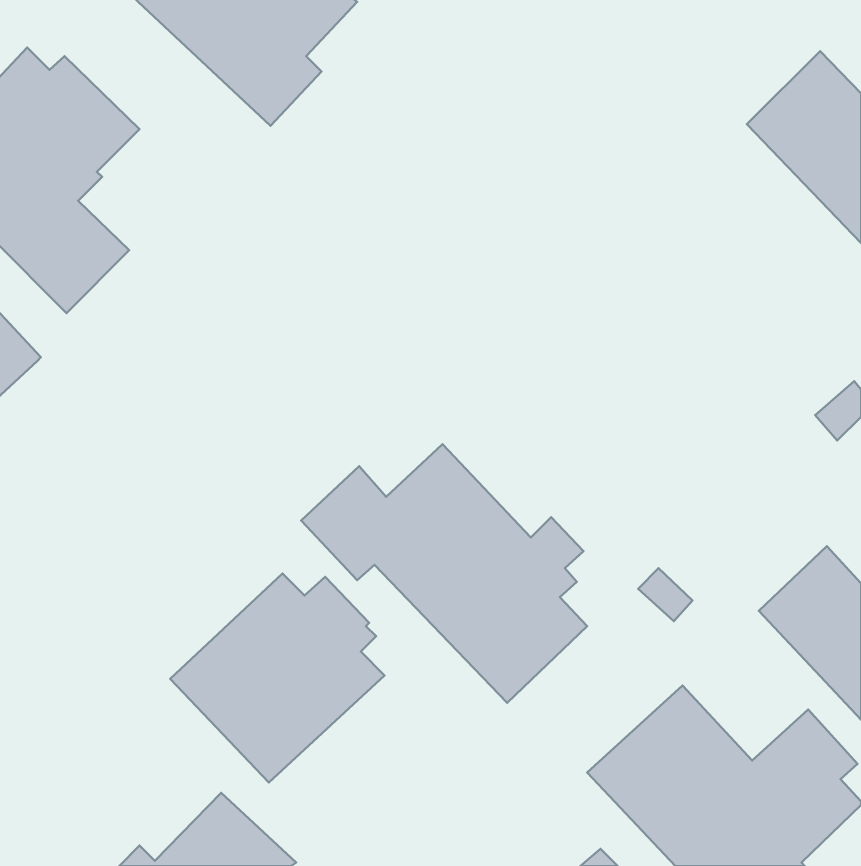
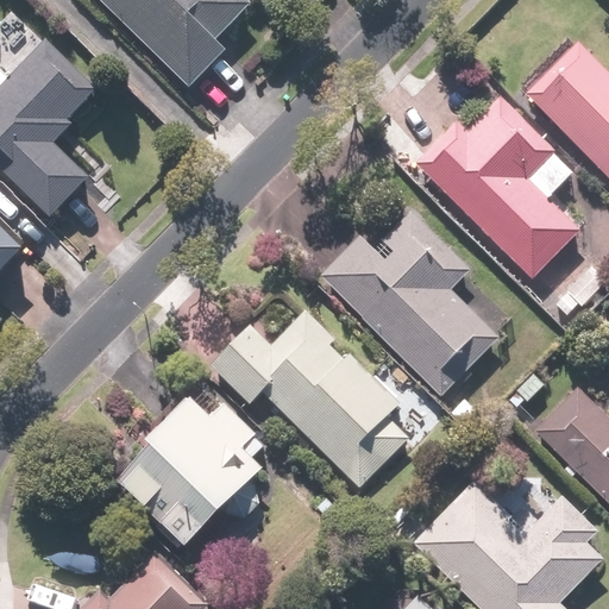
building: none -> [415,99,578,278]
building: none -> [318,209,498,397]

